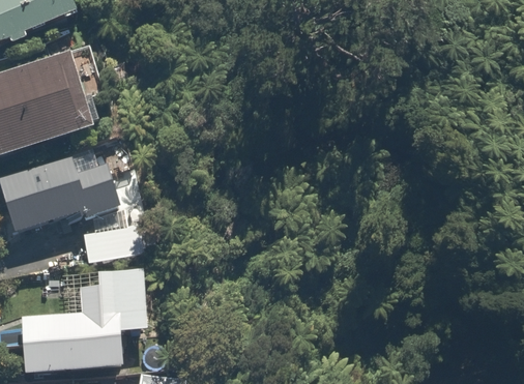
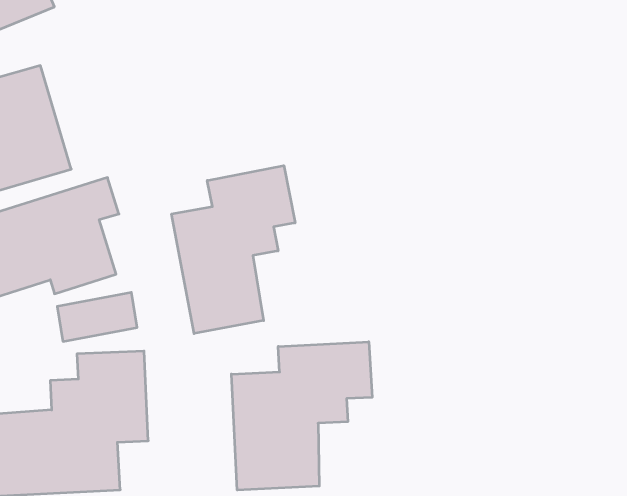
building: none -> [172,166,295,334]
building: none -> [231,342,372,490]

